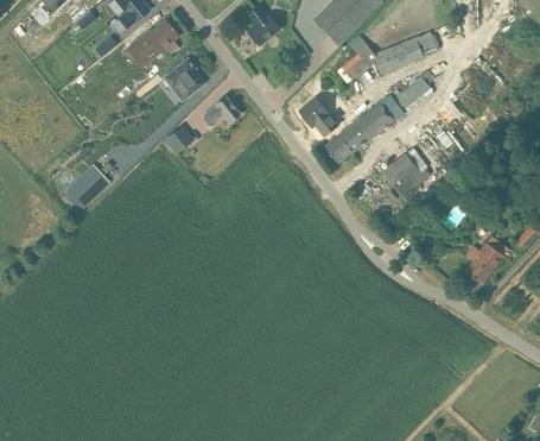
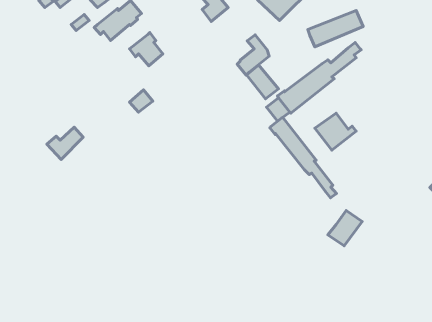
building: [337,37,375,84] -> [237,35,269,75]
building: [202,96,239,125] -> none
building: none -> [270,117,336,198]
building: [464,242,504,284] -> [328,211,362,246]

